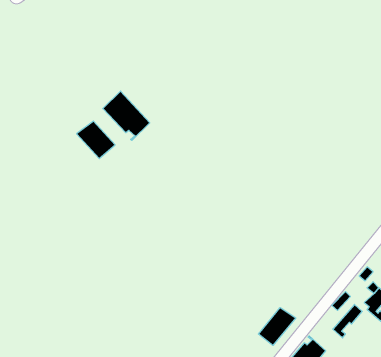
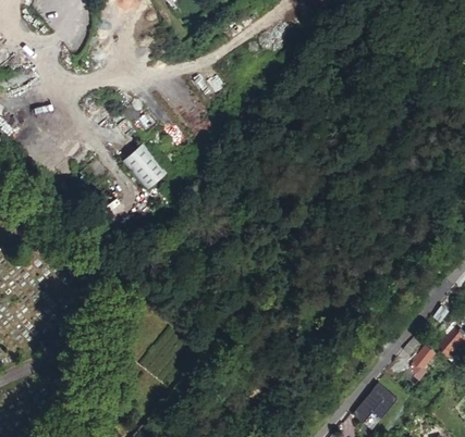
building: [103,91,150,140] -> none
building: [258,308,296,345] -> none

